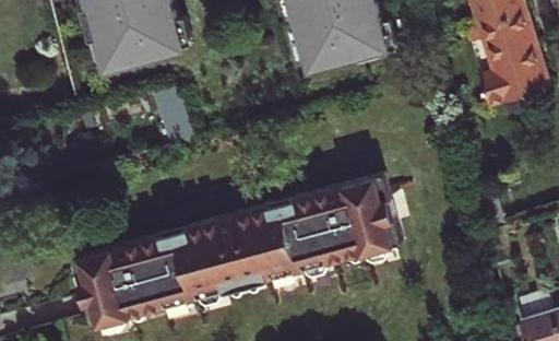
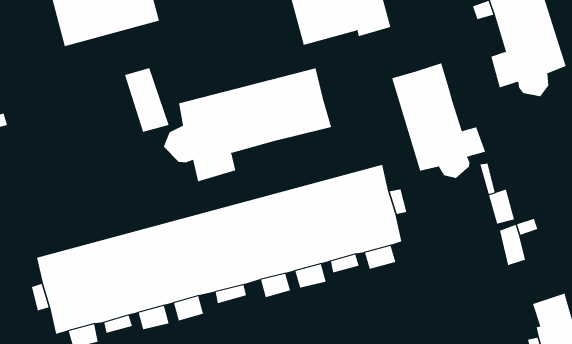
building: none -> [392,62,486,179]
building: none -> [163,67,332,182]

